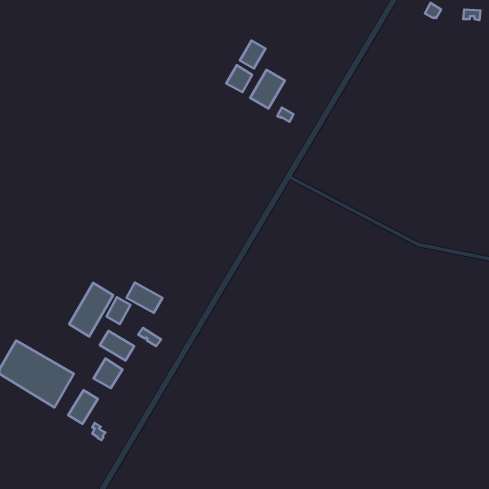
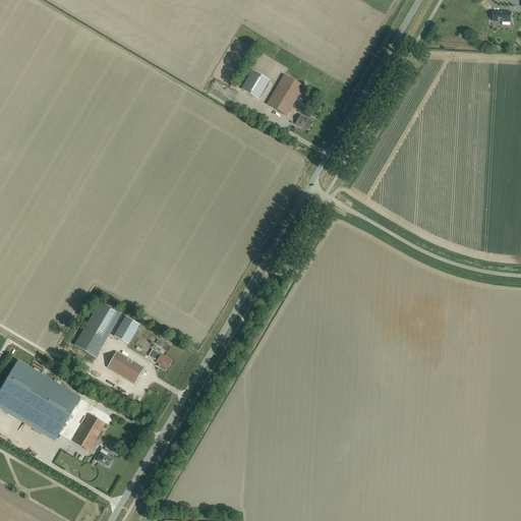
building: [240,41,266,68] -> none
building: [126,283,162,313] -> none
building: [94,358,123,388] -> none

